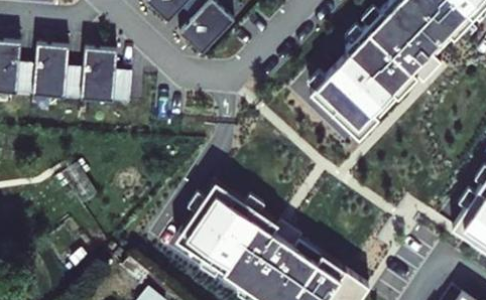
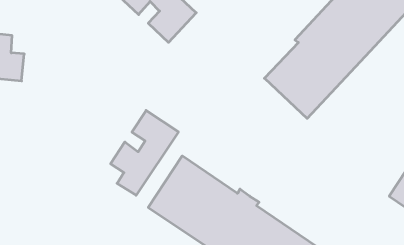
building: [29,43,129,104] -> none
building: none -> [111,110,178,195]

